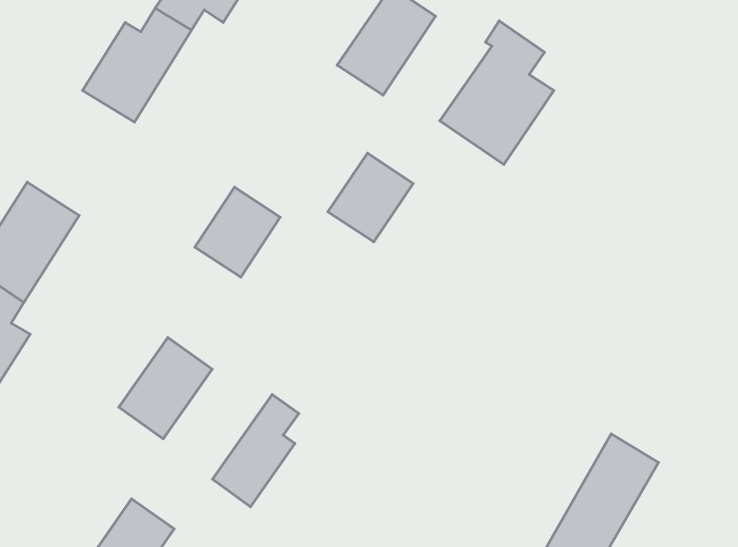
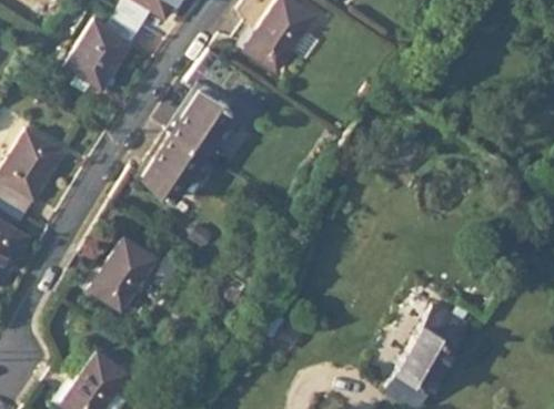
building: [440,21,554,165] -> none
building: [328,153,413,242] -> [171,93,231,155]
building: [212,394,299,507] -> none

